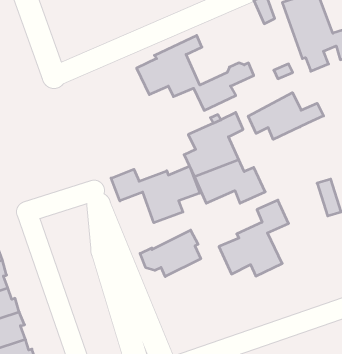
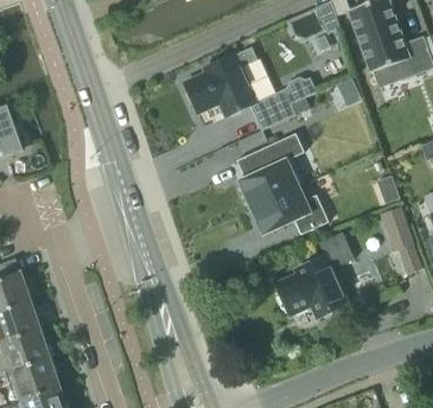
building: [248,93,324,139] -> none
building: [111,166,200,223] -> none
building: [140,230,201,277] -> none

